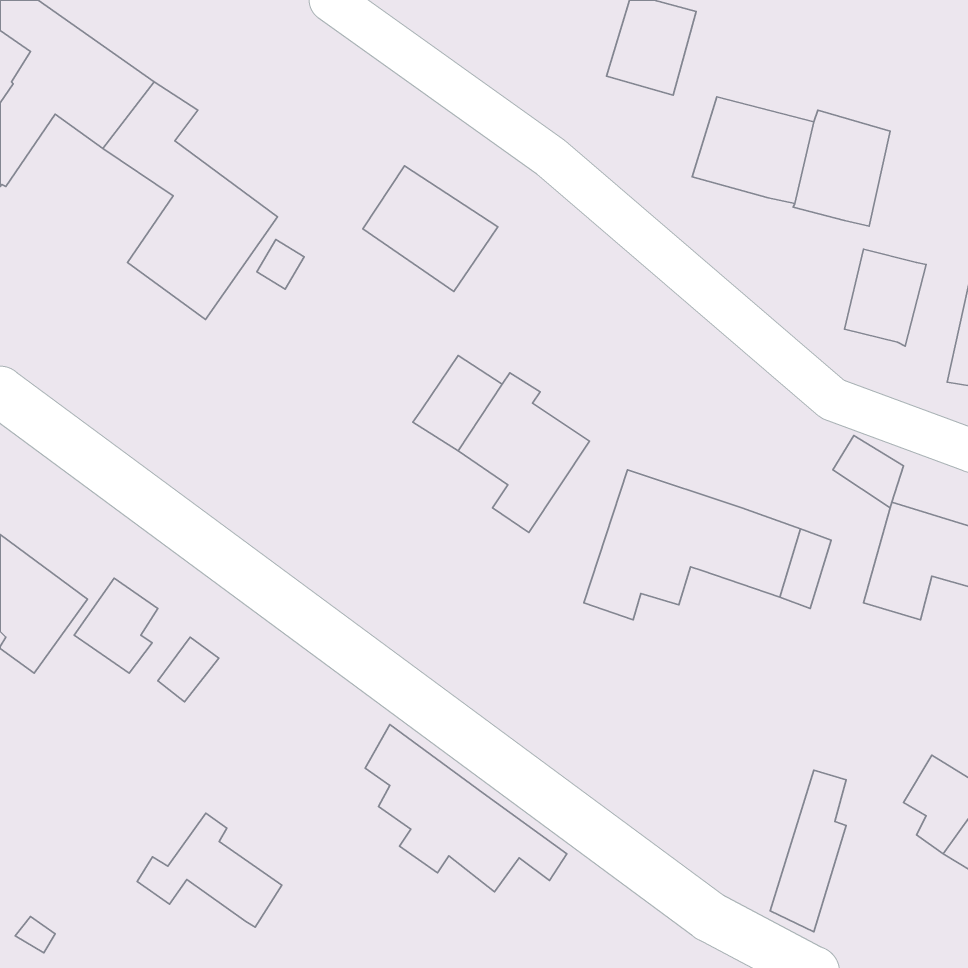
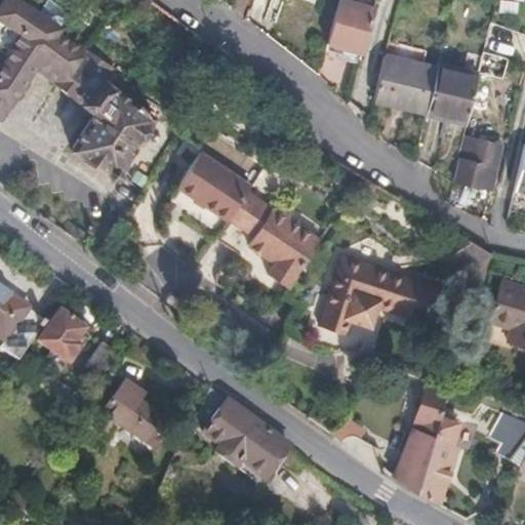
building: [363,166,498,291] -> [180,155,253,223]
building: none -> [393,382,449,493]
building: [137,813,282,927] -> [91,385,169,446]

